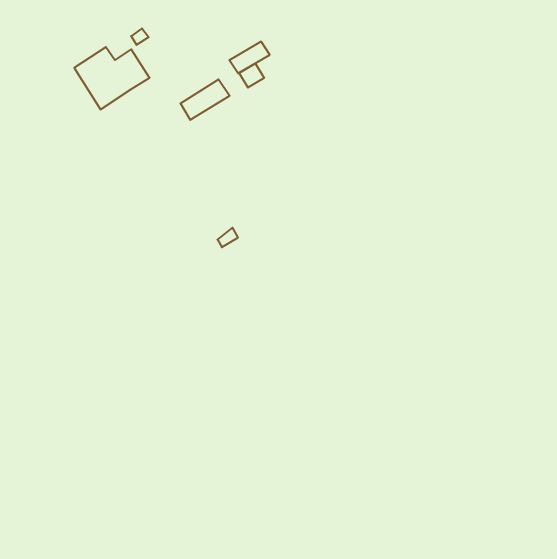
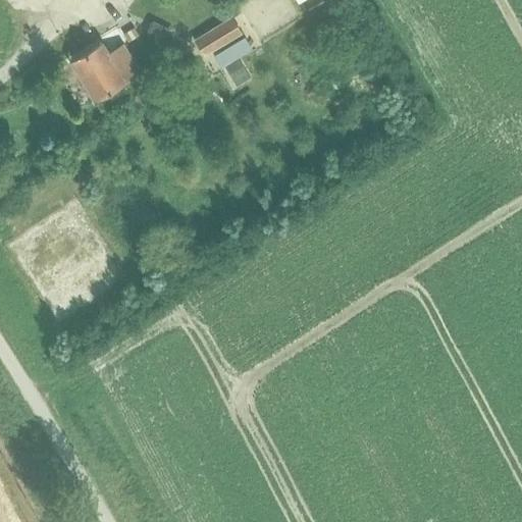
building: [180,79,230,120] -> [194,19,240,57]

